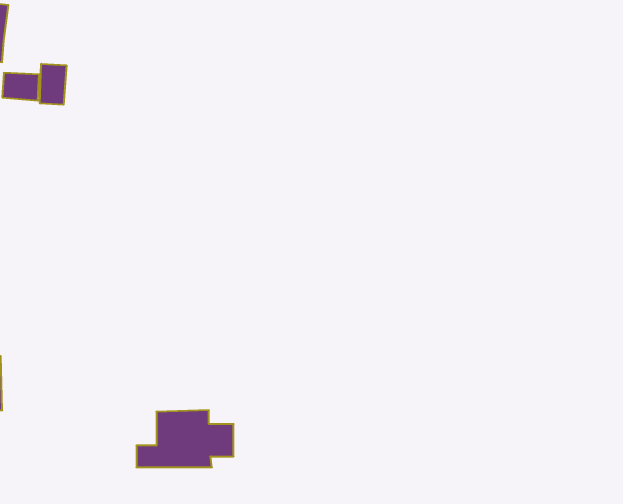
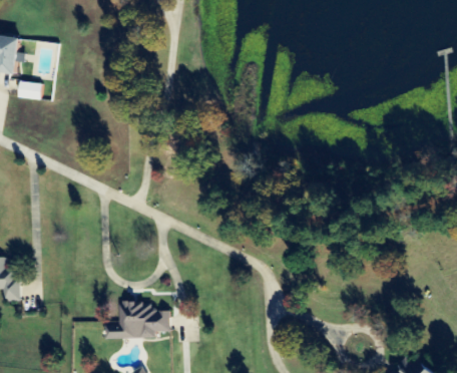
building: [40,64,66,105] -> none

